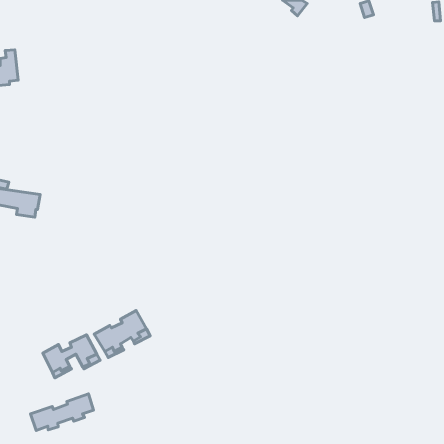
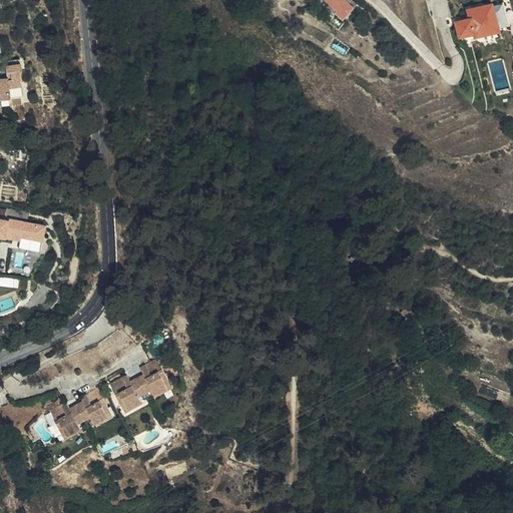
building: none -> [457,7,495,36]
building: [31,394,93,431] -> none

